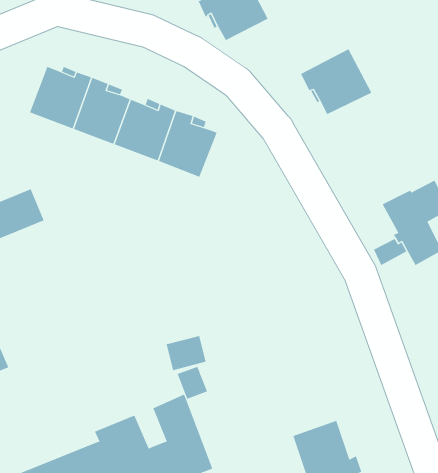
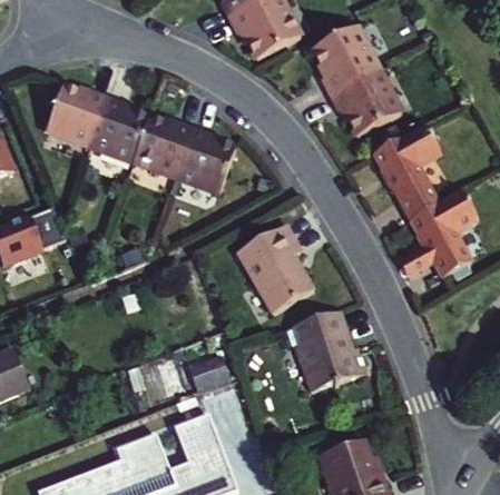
building: none -> [306,22,374,90]
building: none -> [371,126,438,221]
building: none -> [237,227,312,314]
building: none -> [282,311,365,388]

